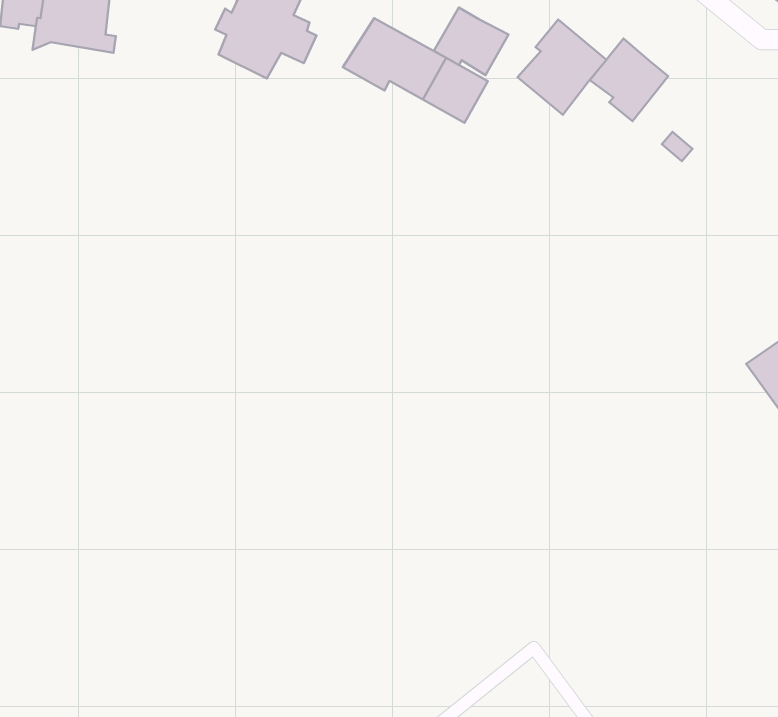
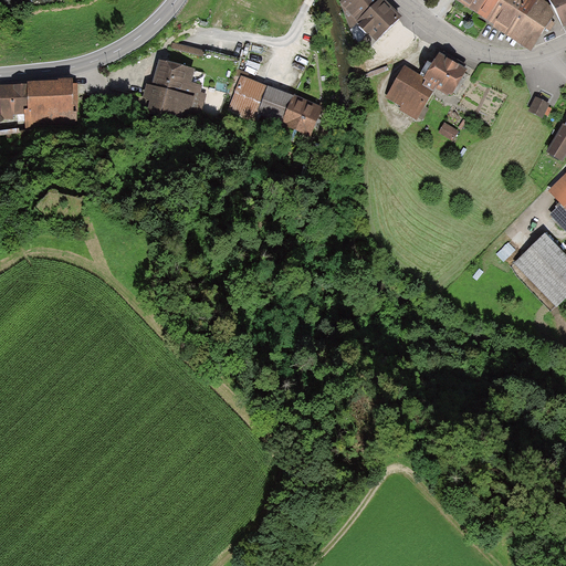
building: [434,8,509,75] -> none
building: [518,19,606,115] -> none
building: none -> [422,51,467,94]

